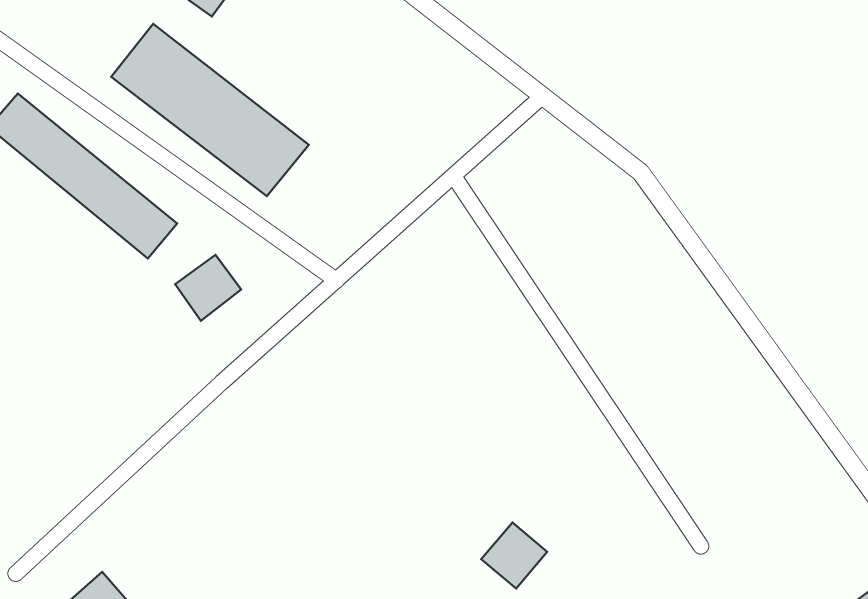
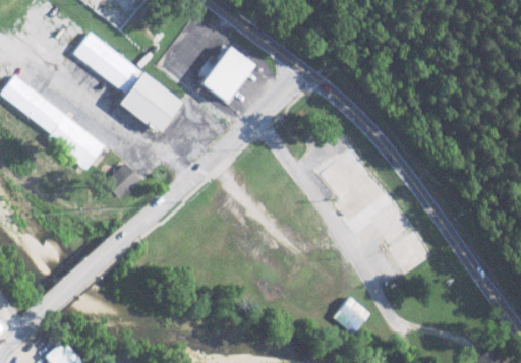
building: none -> [200,46,253,102]
building: [481,522,547,588] -> [333,297,369,334]

